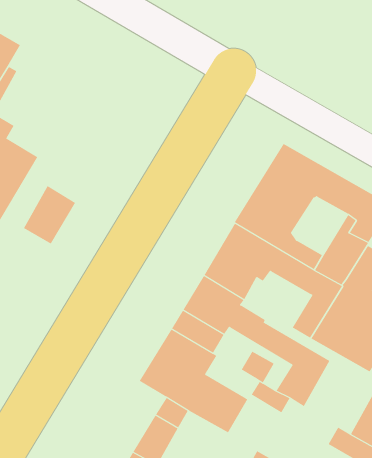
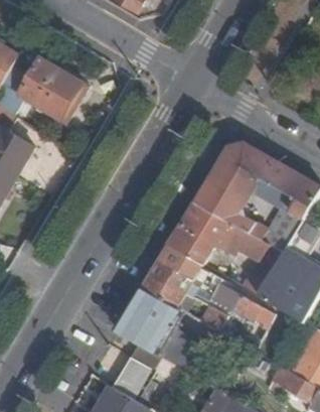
building: none -> [19,56,86,120]
building: [23,185,76,245] -> none

